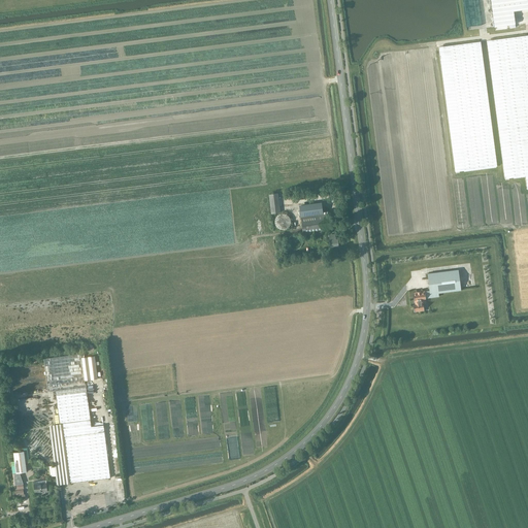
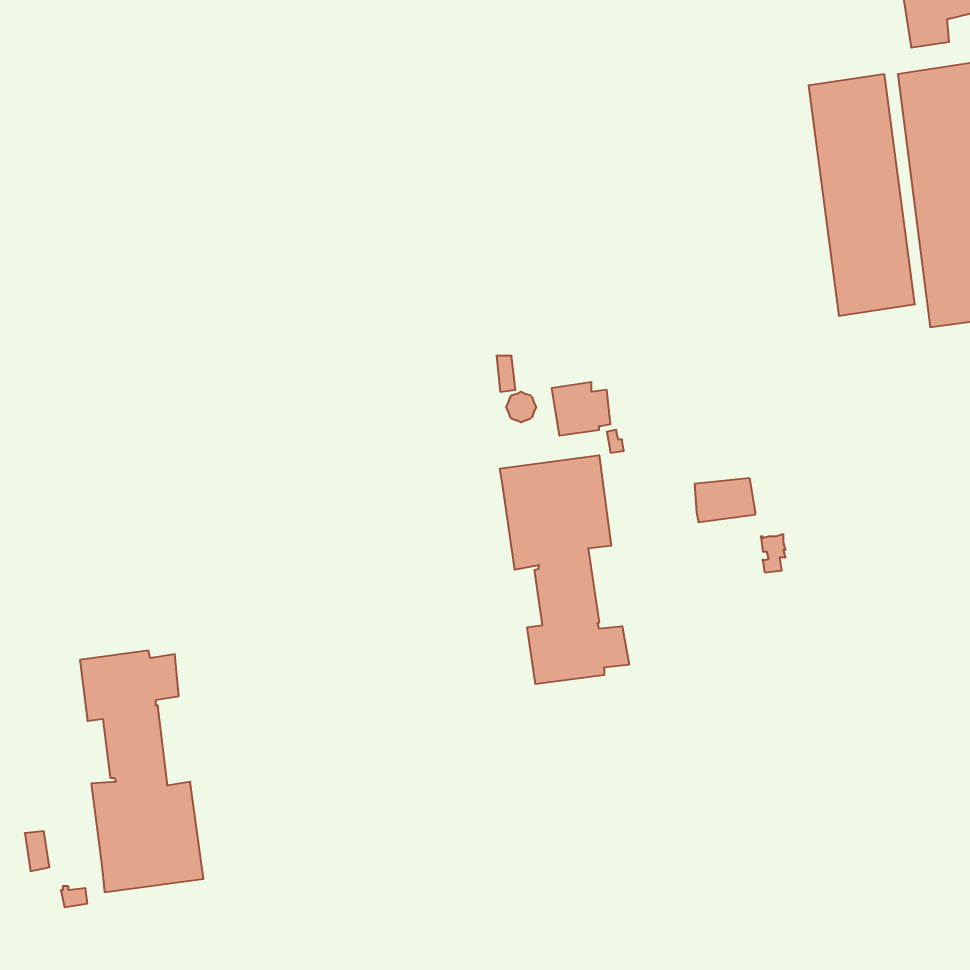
building: none -> [500,455,629,684]
building: [429,269,462,293] -> [695,478,755,522]

